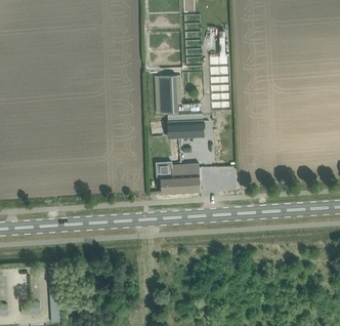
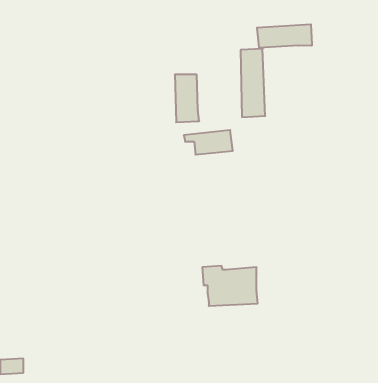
building: none -> [257,24,312,48]
building: [156,162,200,194] -> [202,266,258,306]

